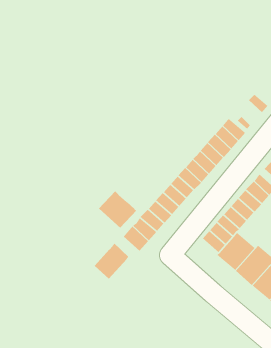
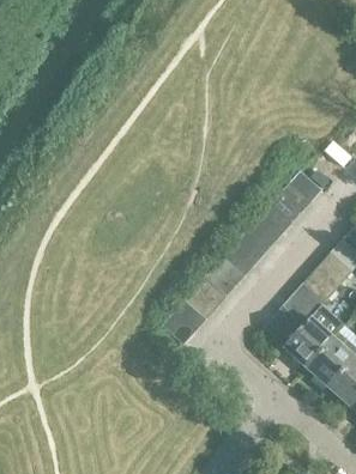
building: [98,190,137,229] -> none
building: [94,242,129,279] -> none

